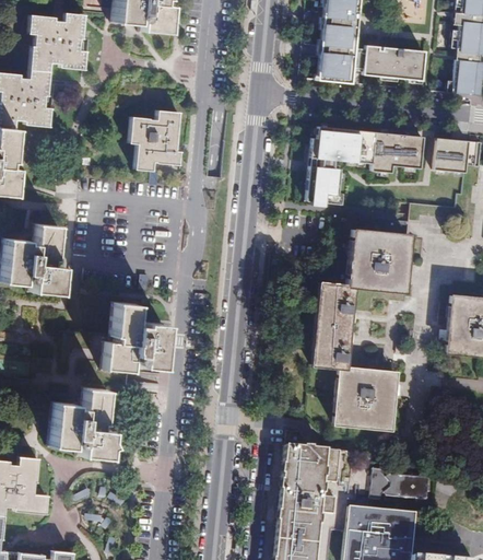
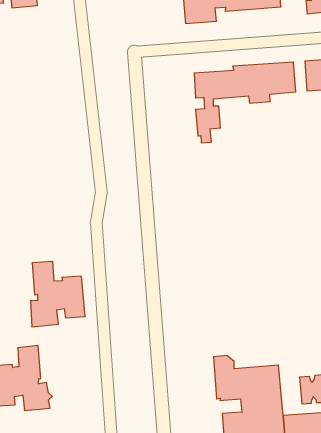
building: [129,109,179,170] -> none
building: [311,230,408,429] -> none

